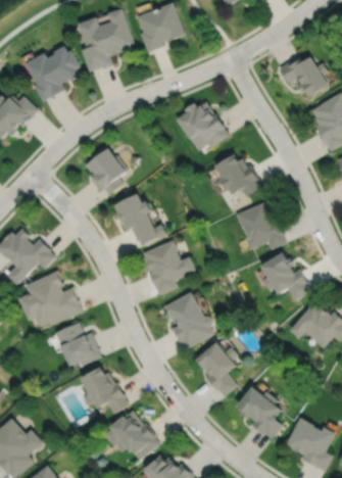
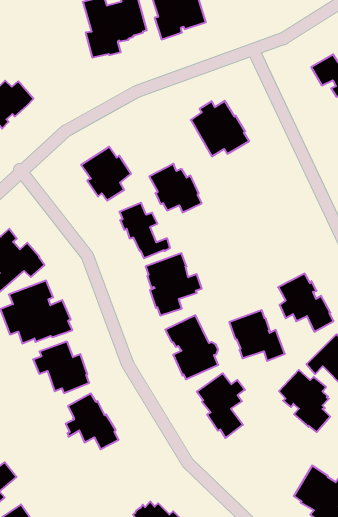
building: [26,47,79,102] -> none
building: [213,156,260,198] -> [149,164,202,212]
building: [235,204,285,248] -> [229,310,285,361]
building: [236,385,282,438] -> [279,370,330,432]
building: [107,410,160,459] -> none

